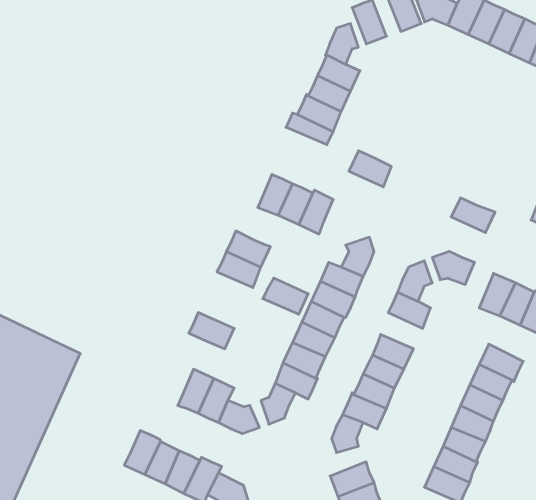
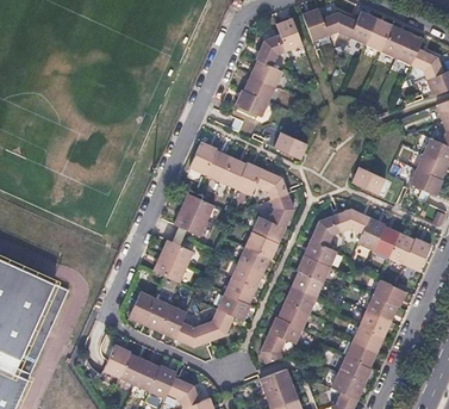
building: none -> [187,140,217,174]
building: none -> [255,168,287,196]
building: none -> [357,216,385,250]
building: [263,278,308,314] -> [160,238,194,266]
building: none -> [297,254,330,281]
building: none -> [129,290,156,324]

